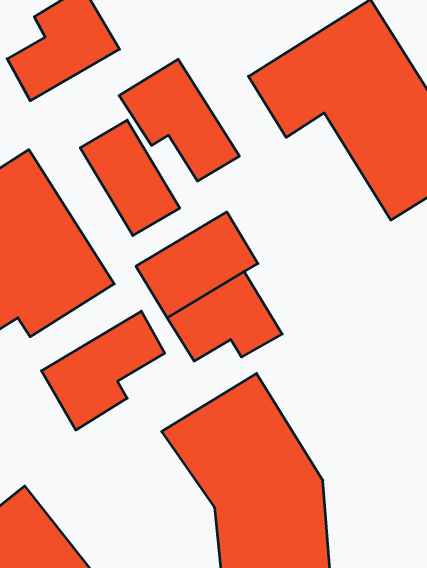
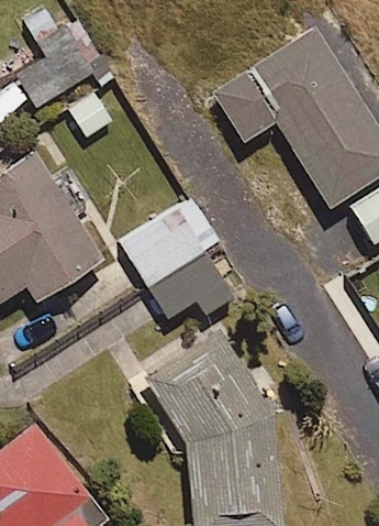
building: [119,59,239,181] -> none
building: [80,120,180,236] -> none
building: [41,311,165,430] -> none

